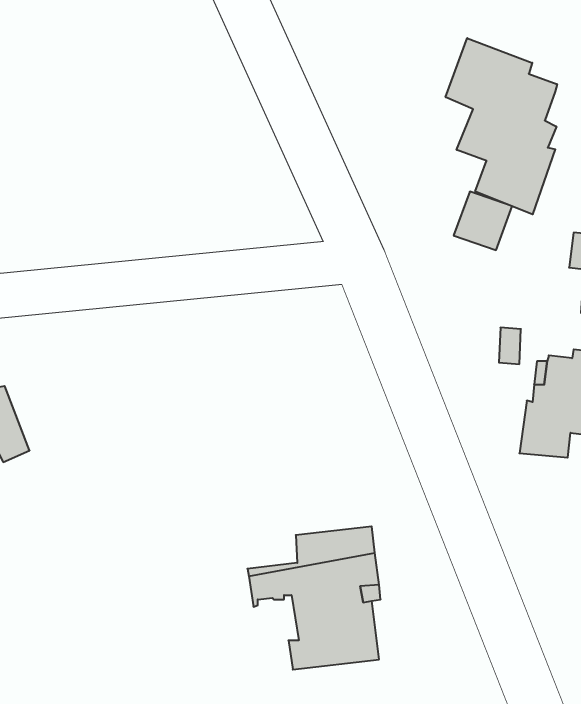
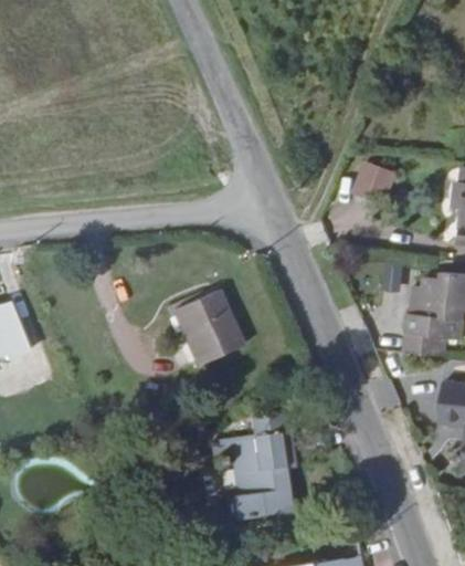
building: [446,38,557,214] -> none
building: none -> [178,291,242,363]

